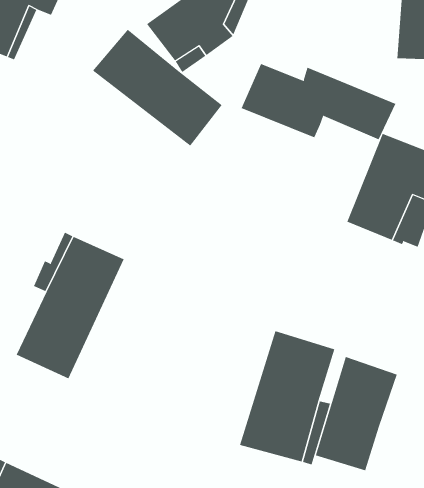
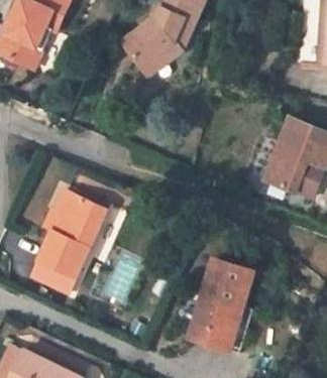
building: [92,29,223,146] -> none
building: [241,63,396,140] -> none
building: [315,356,397,471] -> none

